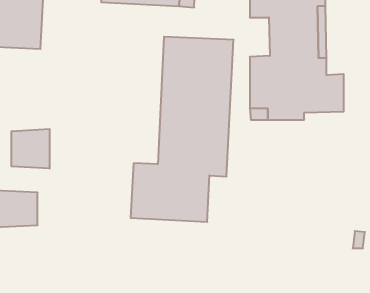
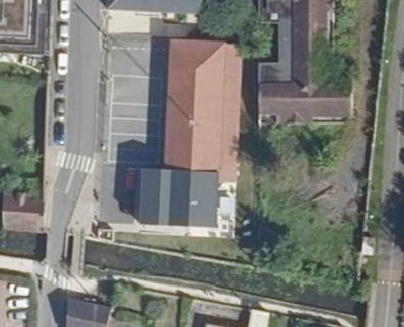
building: [11,129,50,169] -> none

